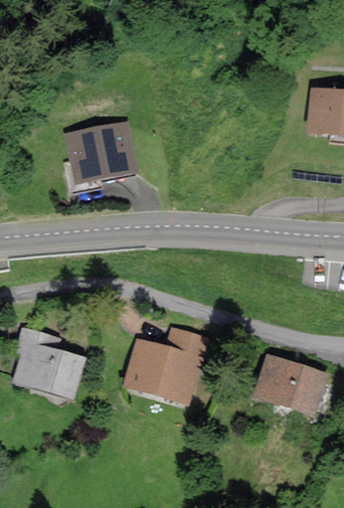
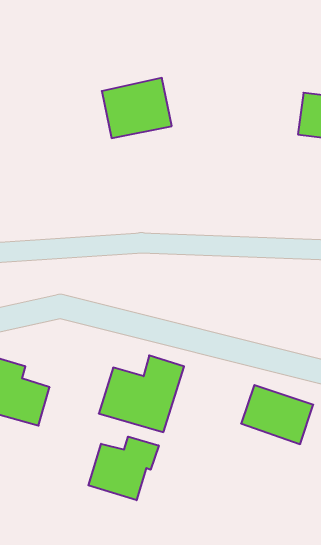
building: [68,124,133,179] -> [102,78,172,138]
building: none -> [88,437,159,500]

